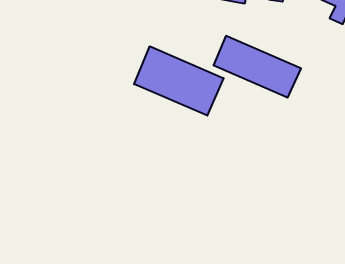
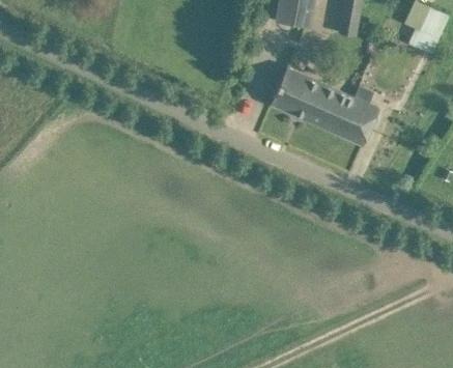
building: [134,46,224,116] -> none

